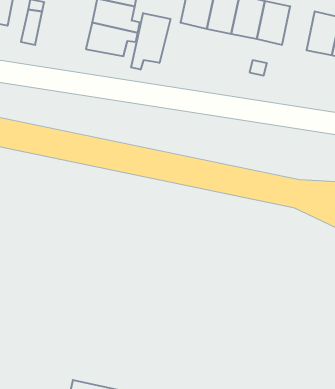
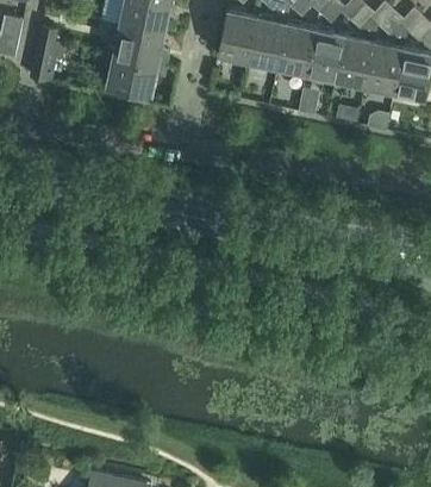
building: none -> [336,35,374,86]
building: [131,13,171,70] -> none

